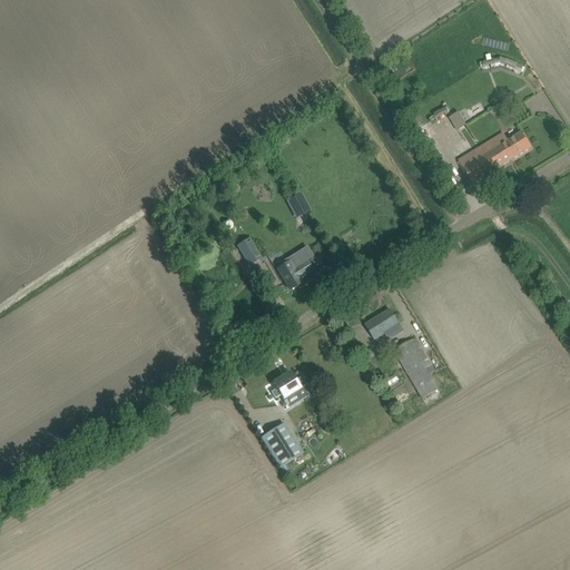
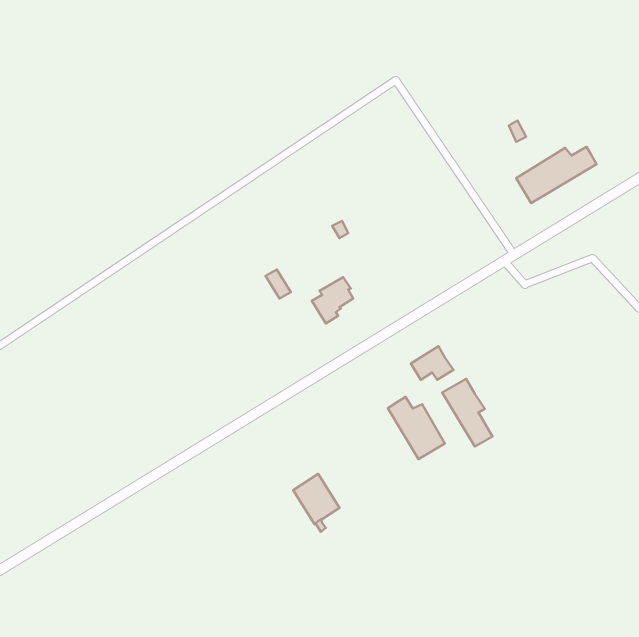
building: none -> [388,397,445,459]
building: [273,371,309,401] -> none

